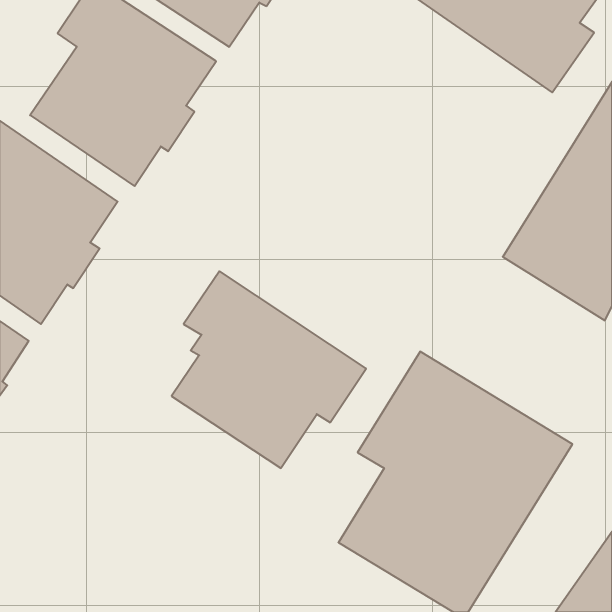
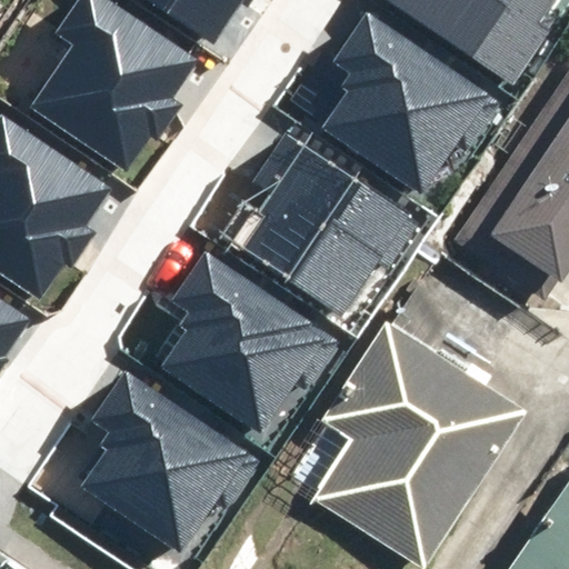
building: none -> [319,10,502,196]
building: none -> [240,131,420,317]
building: none -> [79,369,260,552]

